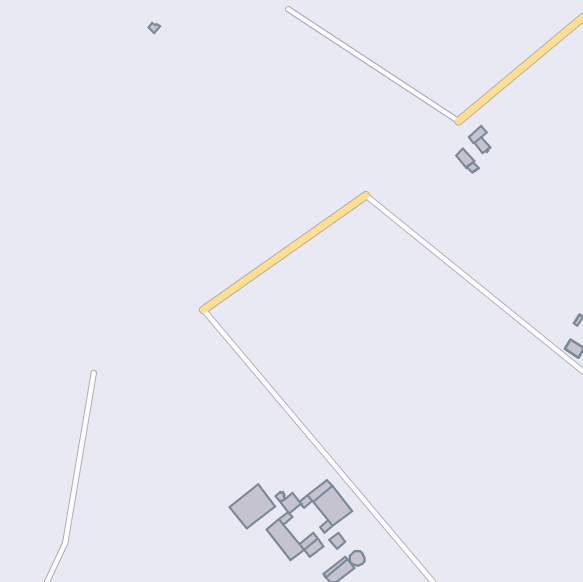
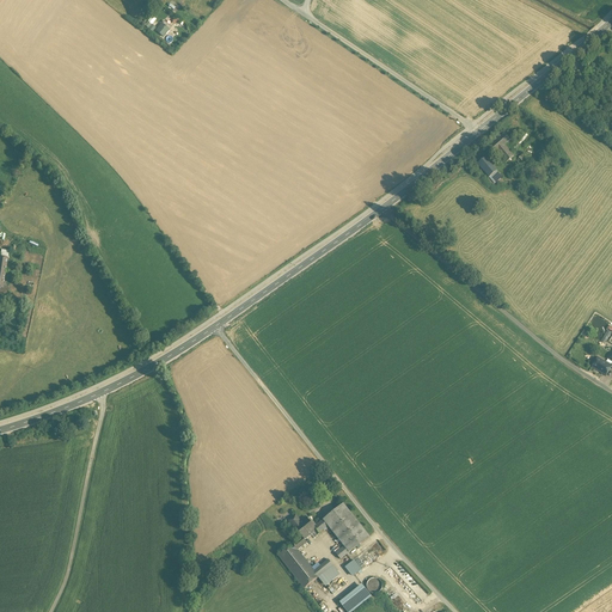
building: [230,484,275,528] -> none

